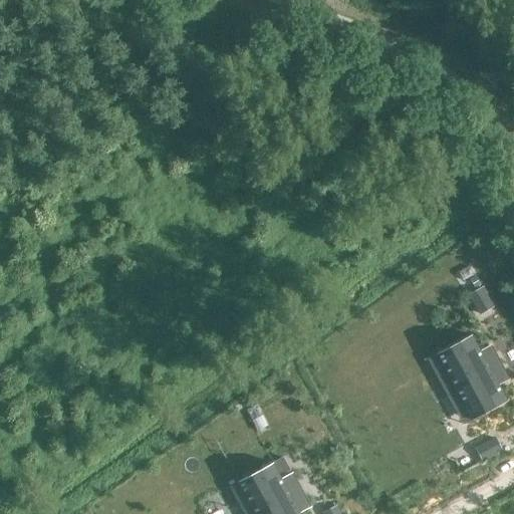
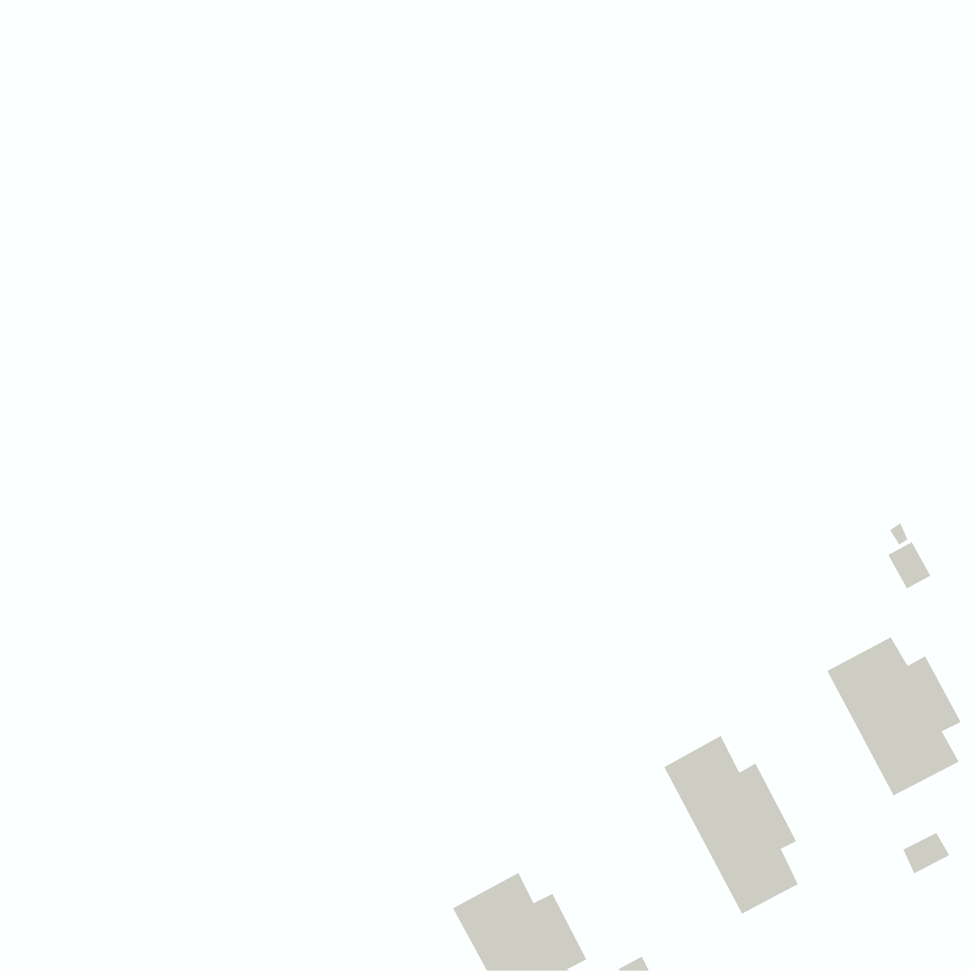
building: none -> [663,735,798,915]

